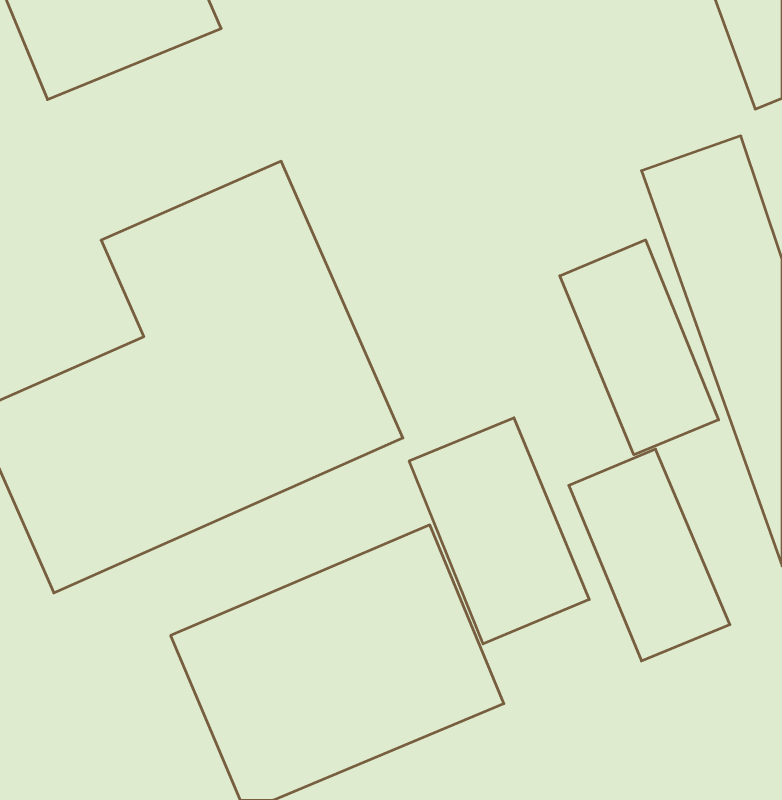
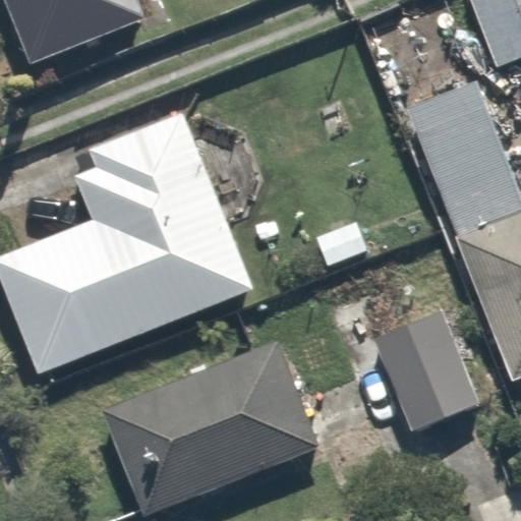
building: [560,240,719,455] -> none
building: [409,418,589,644] -> none

